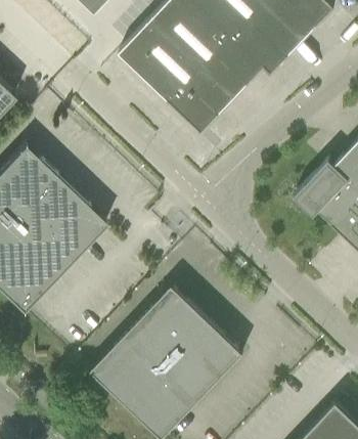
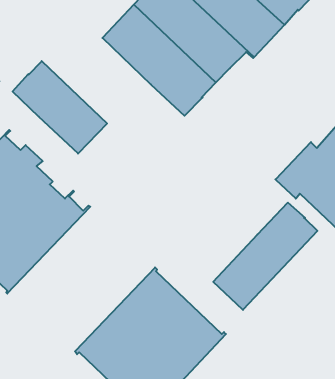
building: none -> [13,61,107,154]
building: none -> [213,203,317,310]

